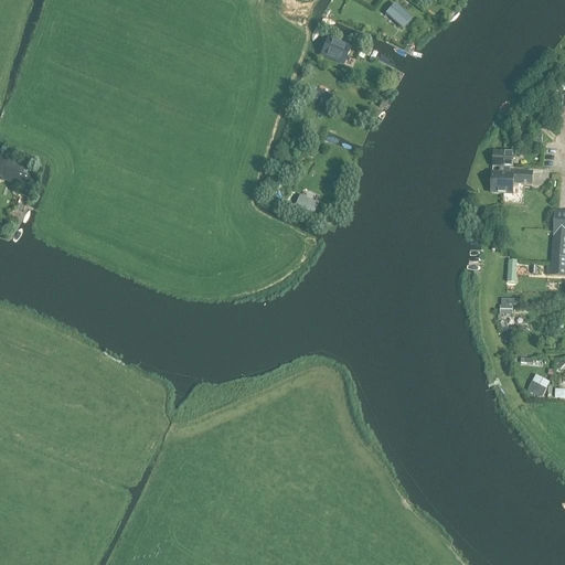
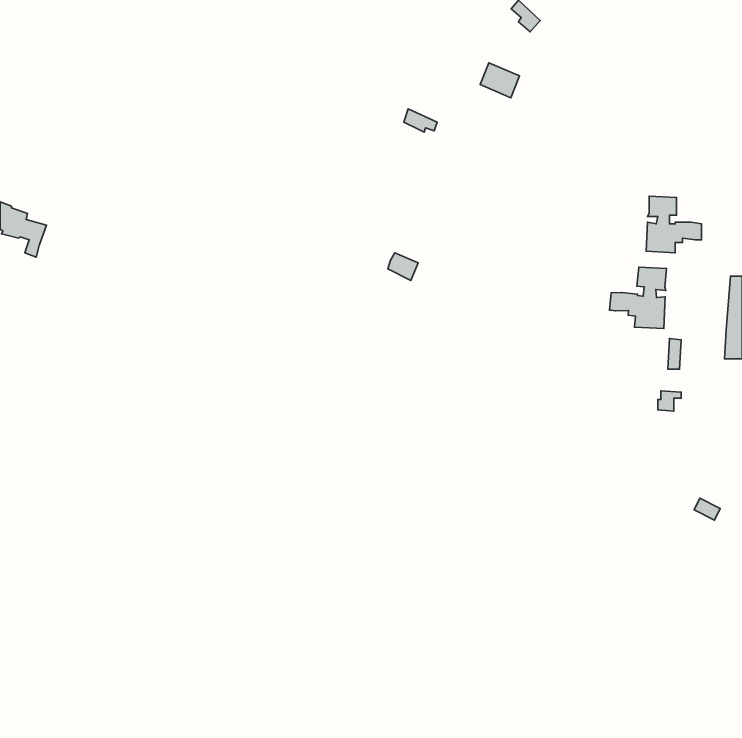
building: [321,35,351,62] -> [480,63,519,98]
building: none -> [610,267,667,329]

